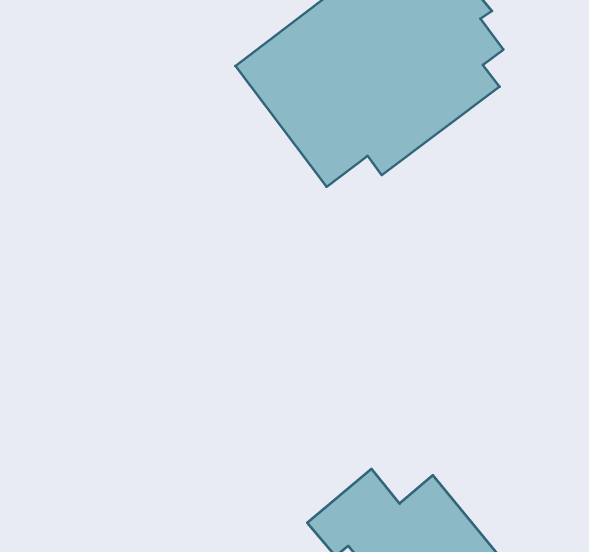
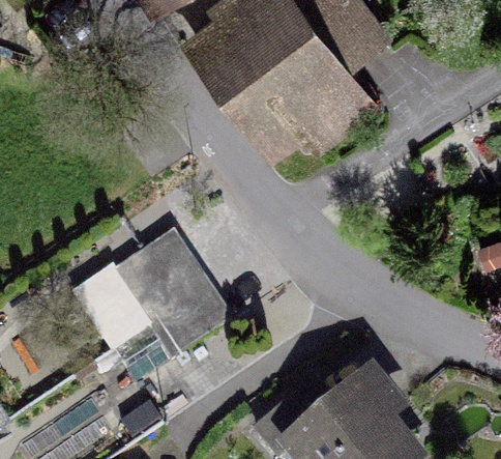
building: none -> [107,225,225,375]

